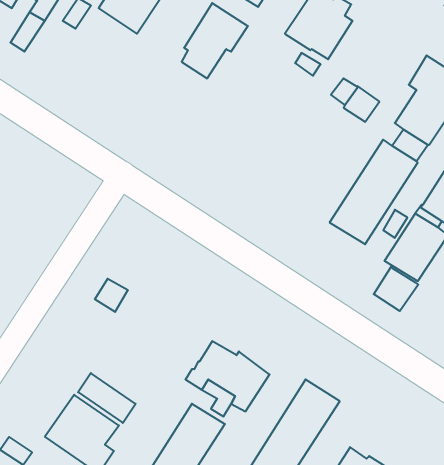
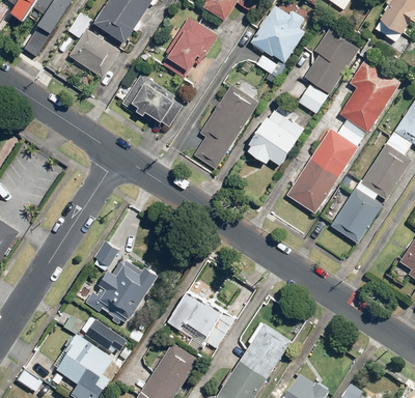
building: none -> [68,27,121,78]
building: none -> [302,29,358,94]
building: none -> [122,73,184,126]
building: none -> [191,85,256,169]
building: none -> [246,110,302,165]
building: [374,266,418,311] -> none
building: none -> [86,259,161,323]

